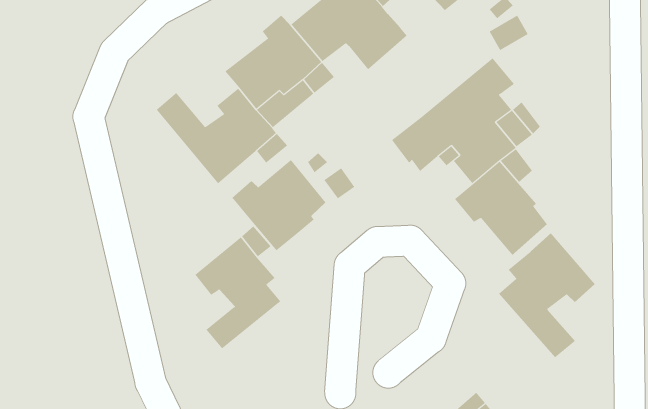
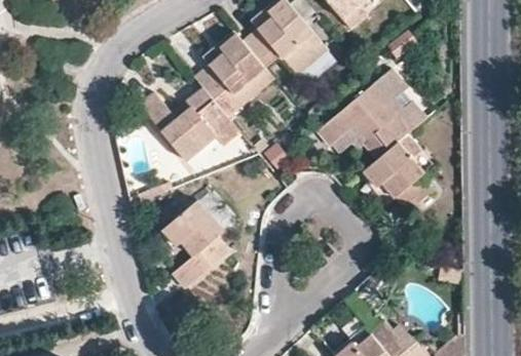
building: [231,159,326,251] -> none
building: [498,232,596,358] -> none

